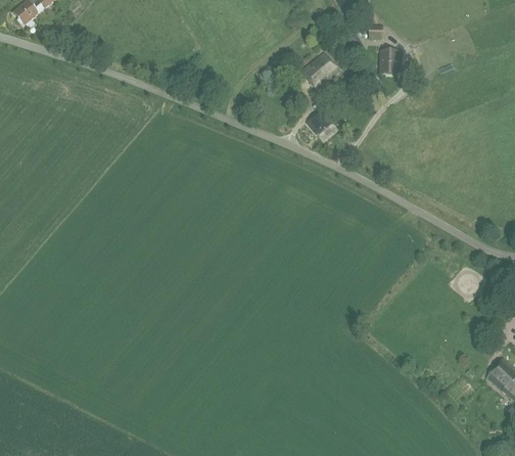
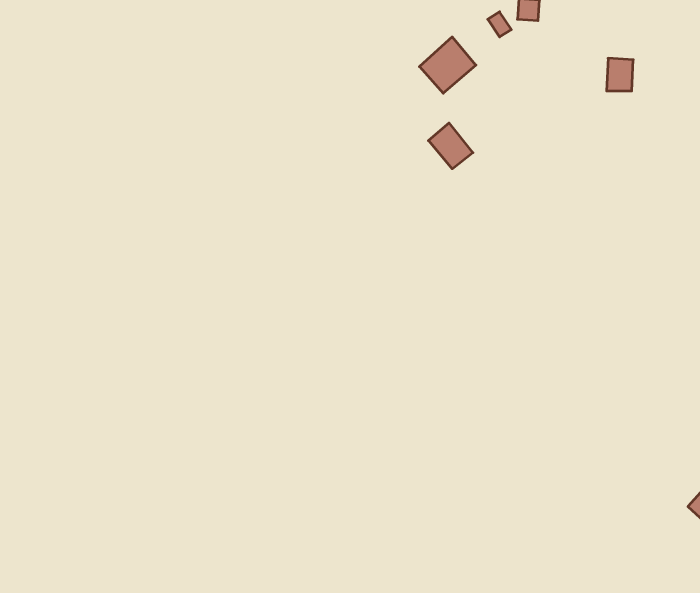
building: [380,50,399,73] -> [607,58,633,91]

